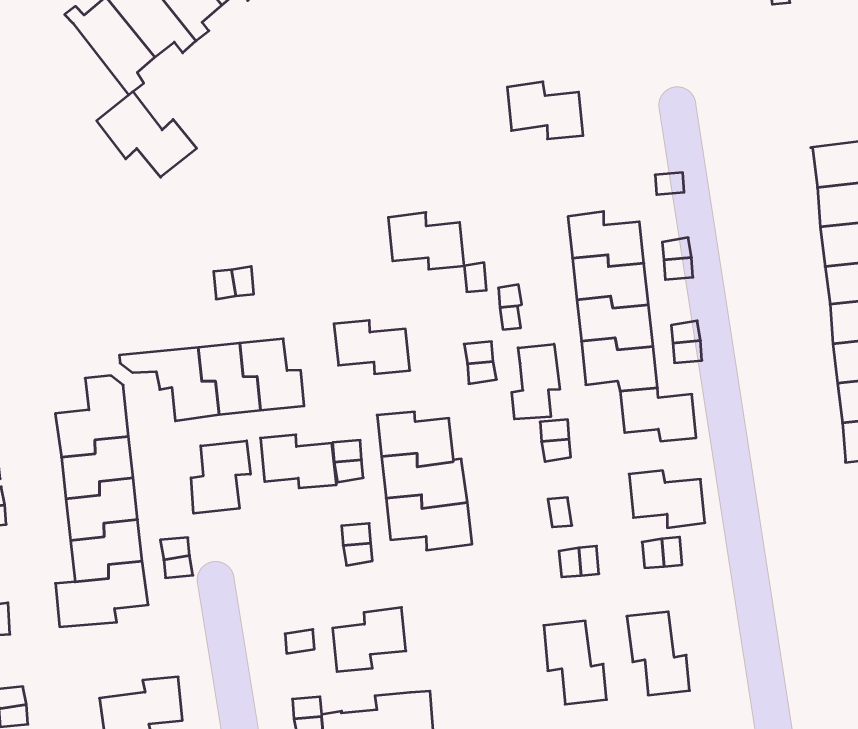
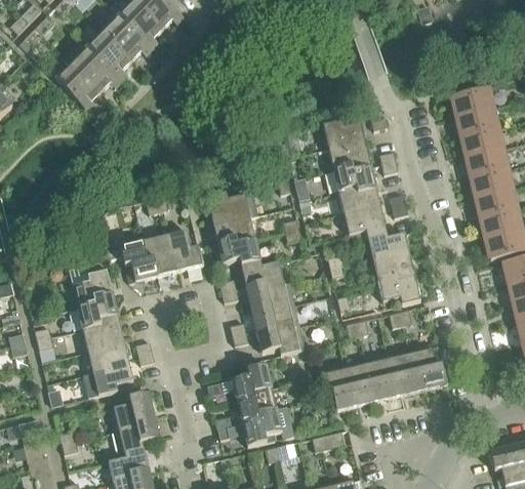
building: [507,82,583,139] -> [323,121,366,151]
building: [97,92,197,177] -> none
building: [388,212,464,269] -> [207,193,250,222]
building: [512,344,560,419] -> none
building: none -> [372,254,415,282]
building: [260,435,336,488] -> [217,238,260,266]
building: [191,441,250,513] -> none
building: none -> [256,326,305,356]
building: none -> [407,343,446,390]
building: none -> [364,355,402,400]
building: none -> [320,365,359,410]
building: none -> [109,393,154,433]
building: none -> [237,388,277,424]

